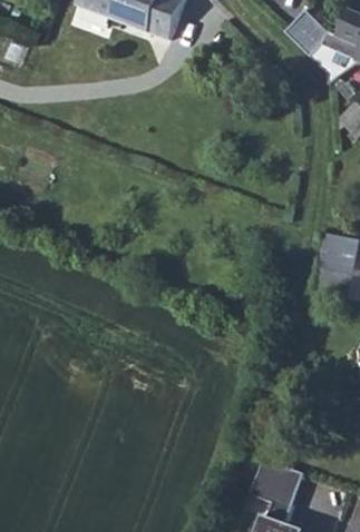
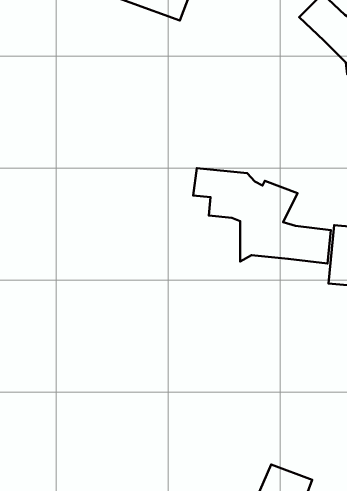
building: none -> [193,168,331,263]

